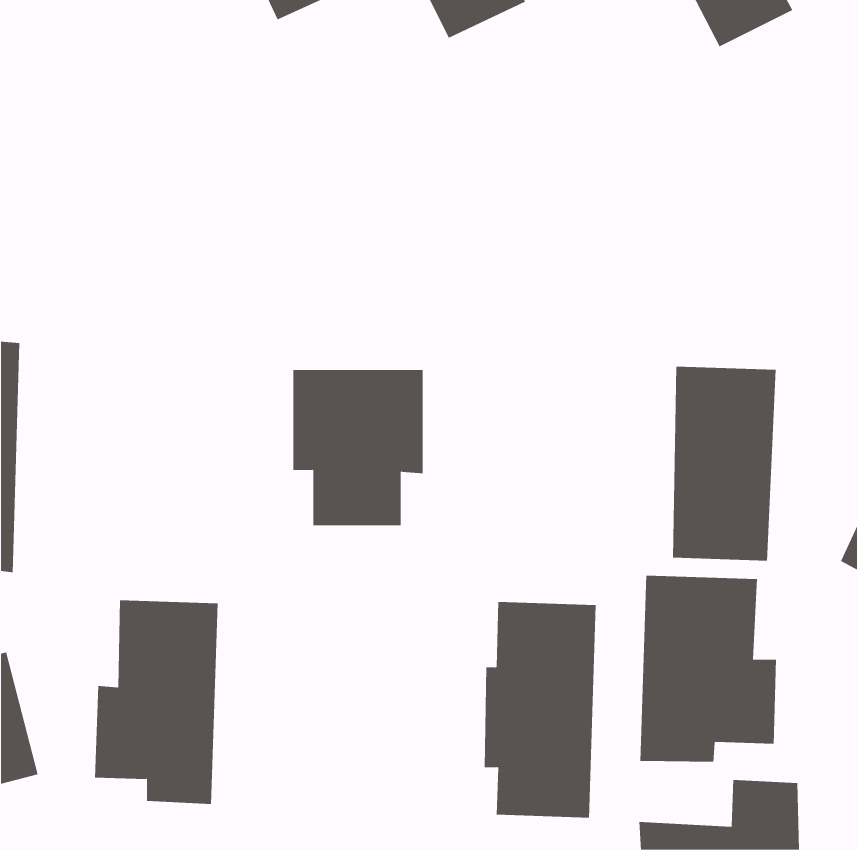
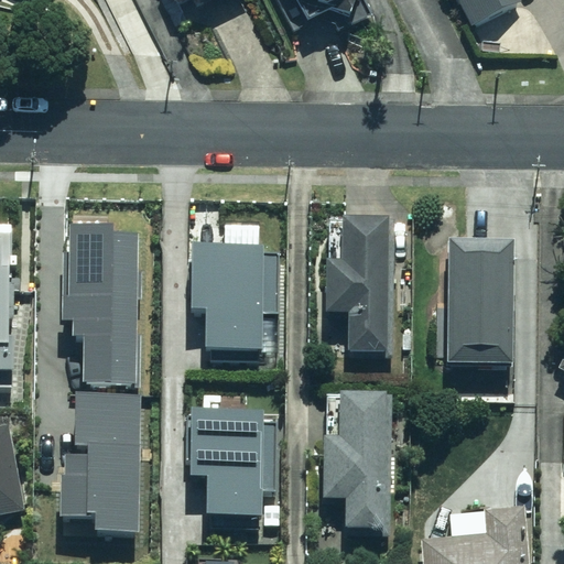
building: none -> [317,218,384,359]
building: none -> [65,219,140,377]
building: [640,575,776,763] -> none
building: none -> [189,408,275,510]

